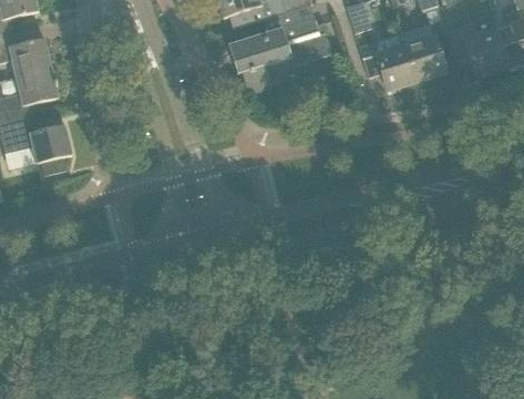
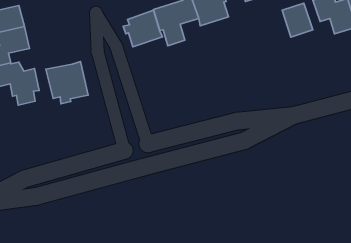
building: none -> [123,10,162,47]
building: [362,43,417,89] -> none
building: none -> [46,62,88,104]

